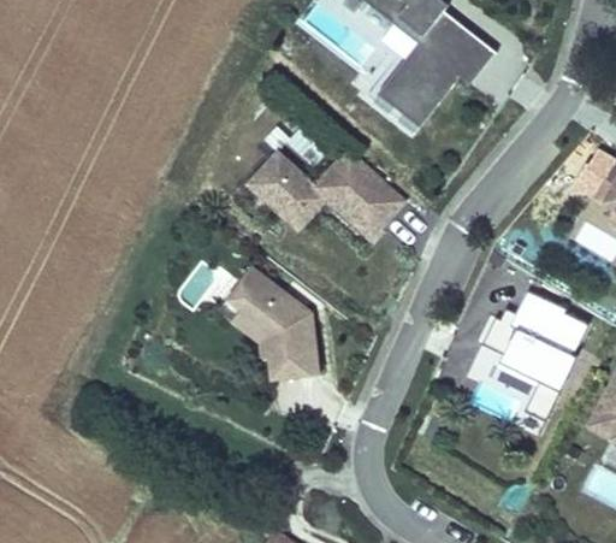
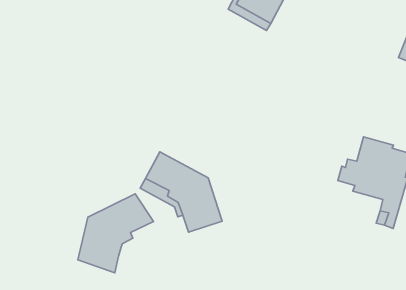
building: [244,149,401,237] -> none
building: none -> [78,194,154,273]

